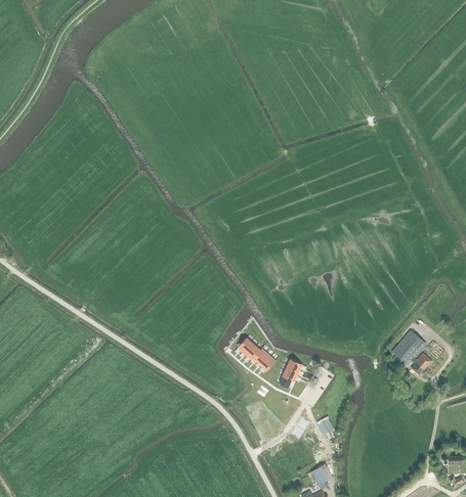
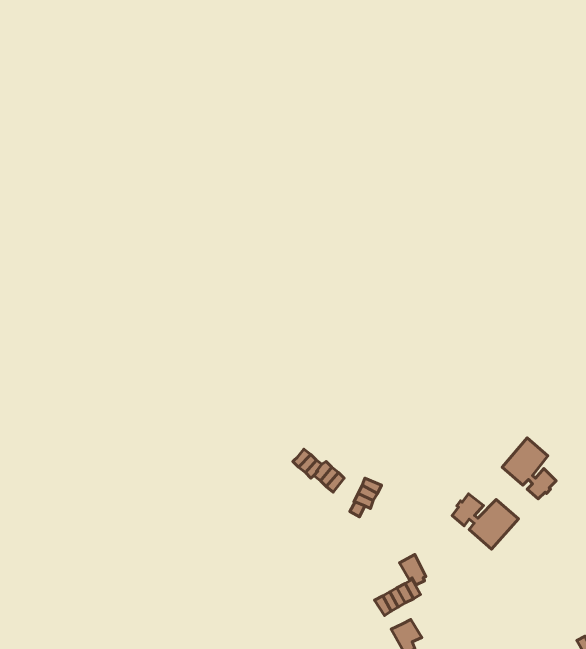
building: none -> [452,494,518,549]

